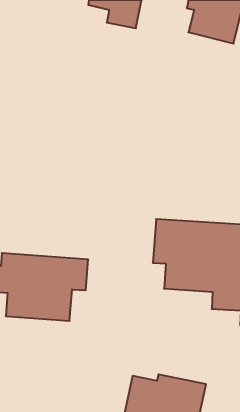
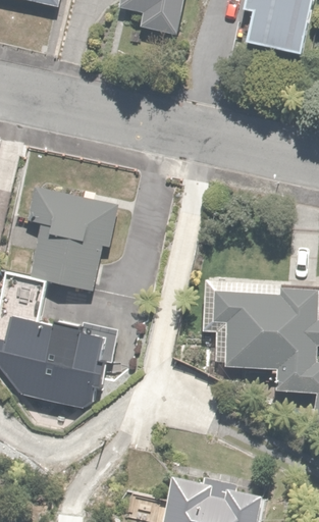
building: none -> [28,187,114,290]

